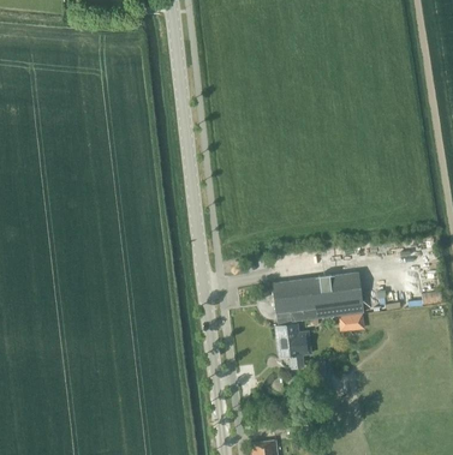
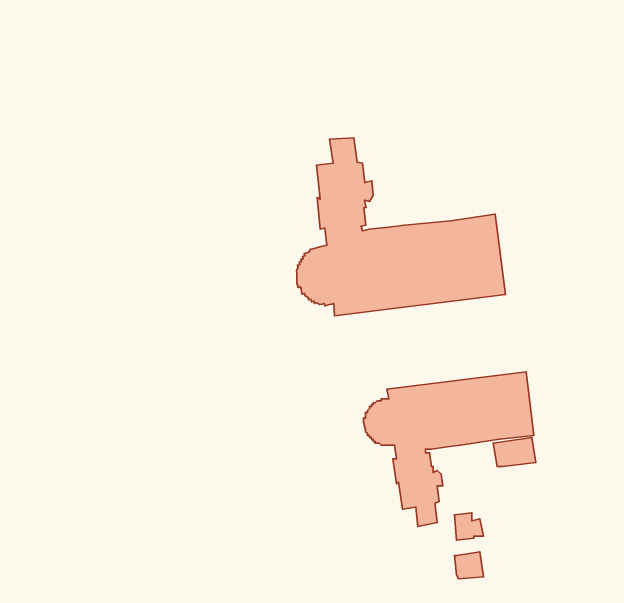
building: none -> [296,138,506,316]

